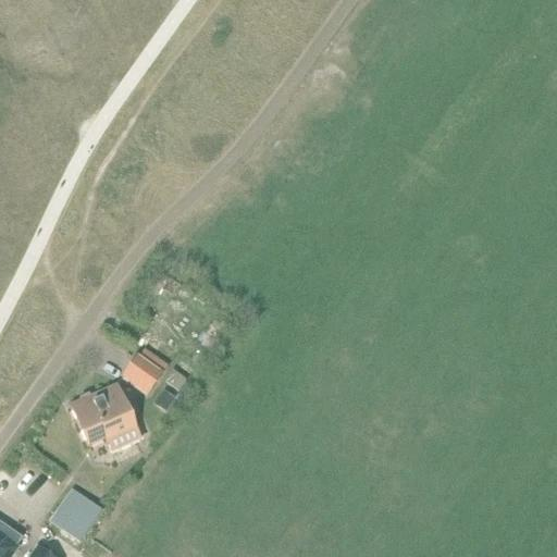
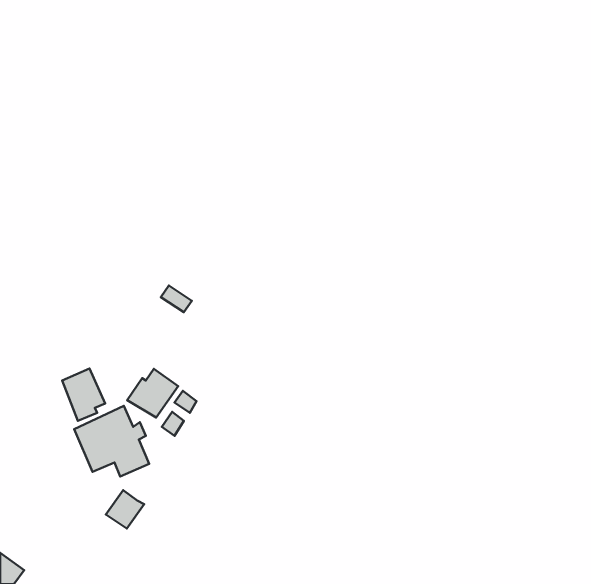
building: none -> [62,369,105,421]
building: [65,496,101,532] -> [106,490,144,528]

